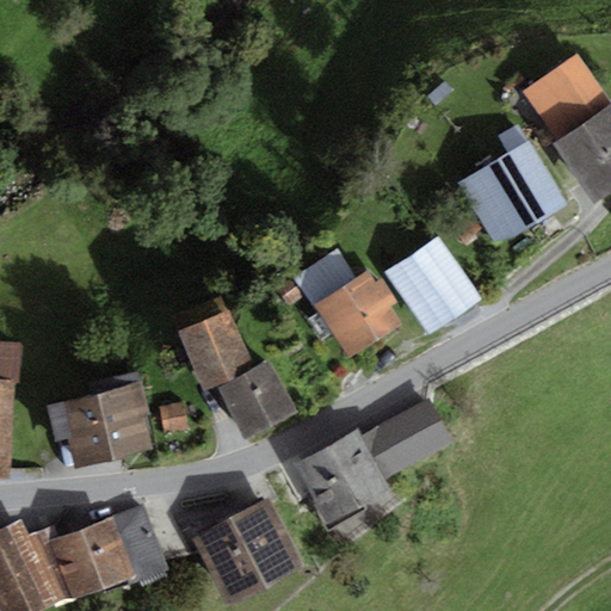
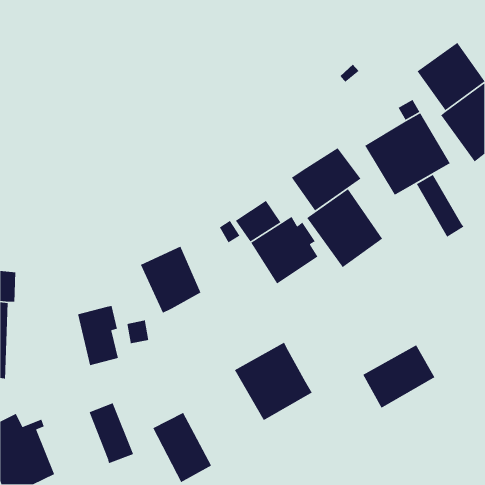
building: none -> [291,147,362,212]
building: none -> [416,174,464,238]
building: [216,360,296,439] -> none
building: [47,394,112,469] -> none
building: [360,397,452,479] -> [362,344,435,409]
building: [230,499,302,585] -> none
building: [47,517,135,600] -> none

